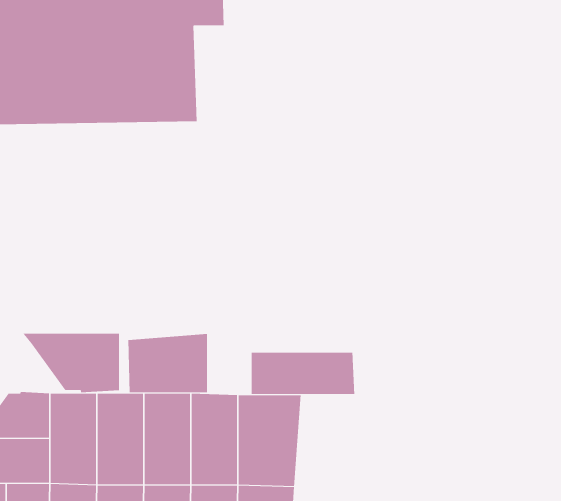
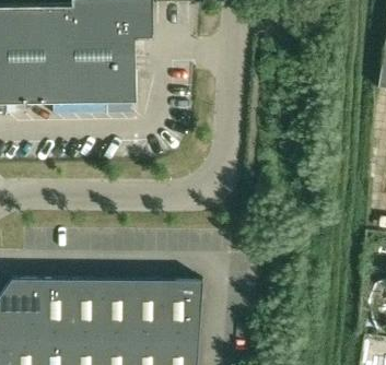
building: [22,333,119,393] -> none
building: [128,333,208,393] -> none
building: [251,352,355,395] -> none

